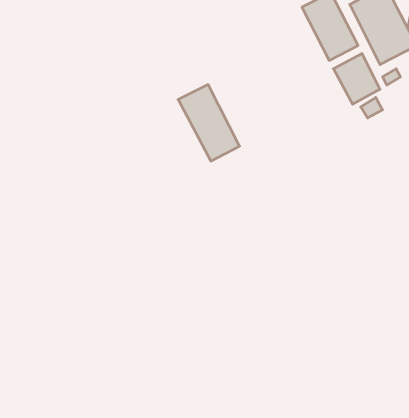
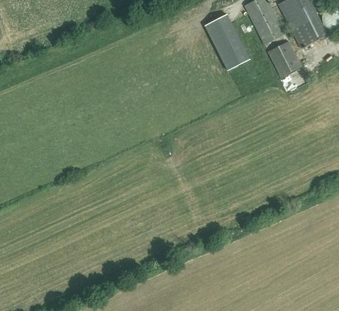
building: [178,85,240,161] -> [204,14,249,70]

